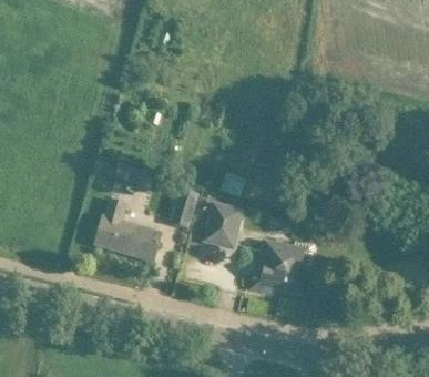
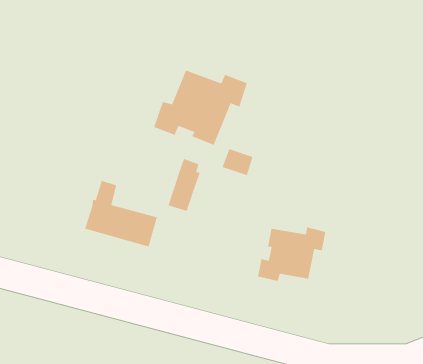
building: none -> [153,69,248,146]
building: [204,201,241,246] -> none

